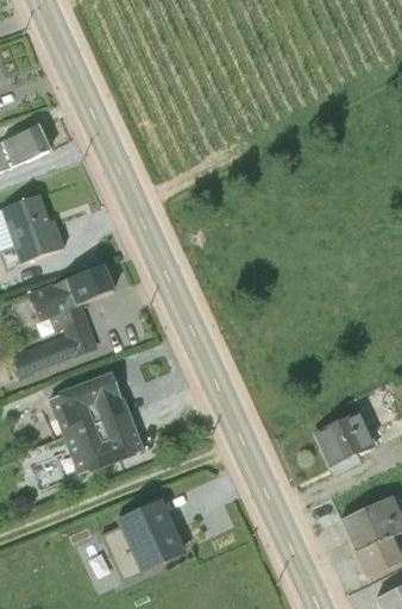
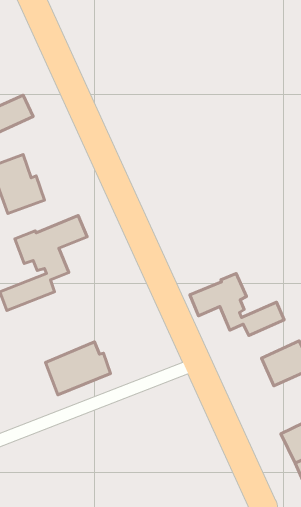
building: none -> [190,273,284,336]
building: [50,373,123,437] -> none
building: [102,500,184,582] -> none

